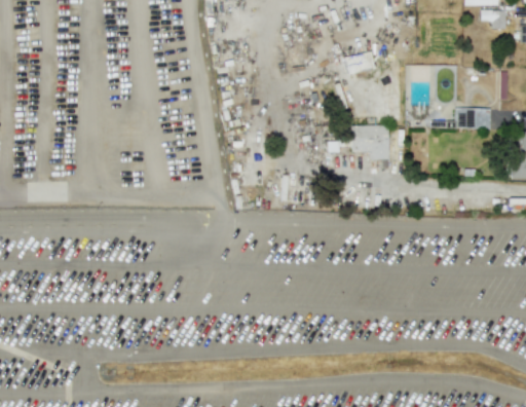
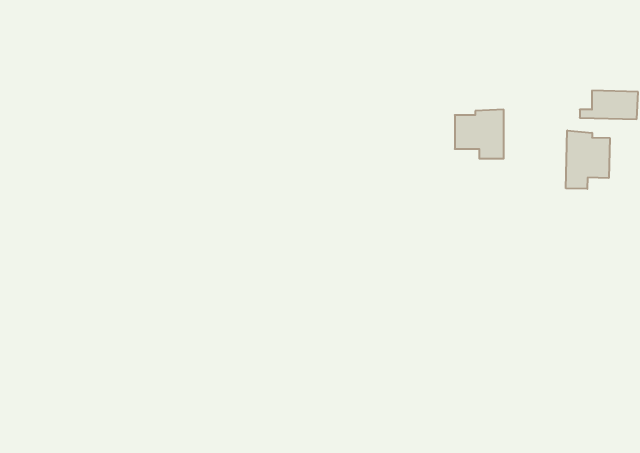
building: none -> [566,130,610,189]

